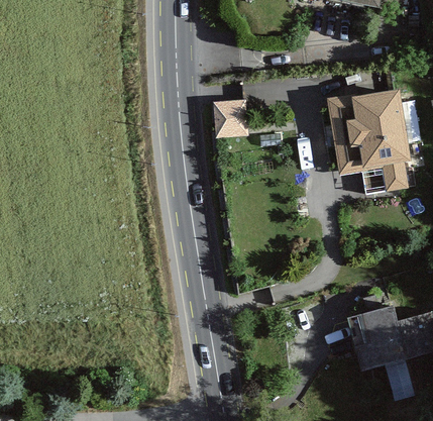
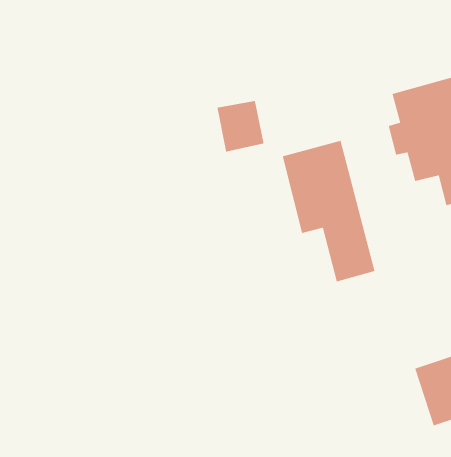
building: none -> [282,140,375,282]

